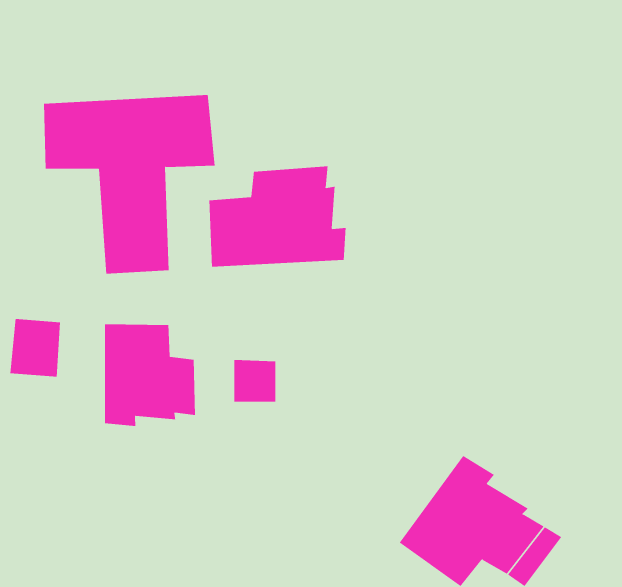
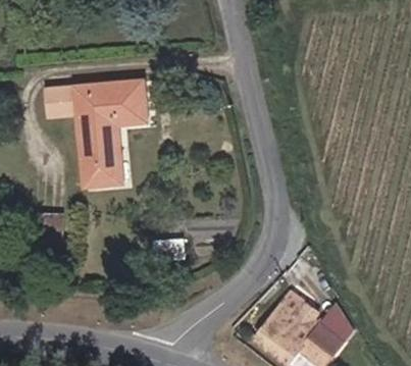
building: [209,166,346,268] -> none
building: [104,324,196,427] -> none

